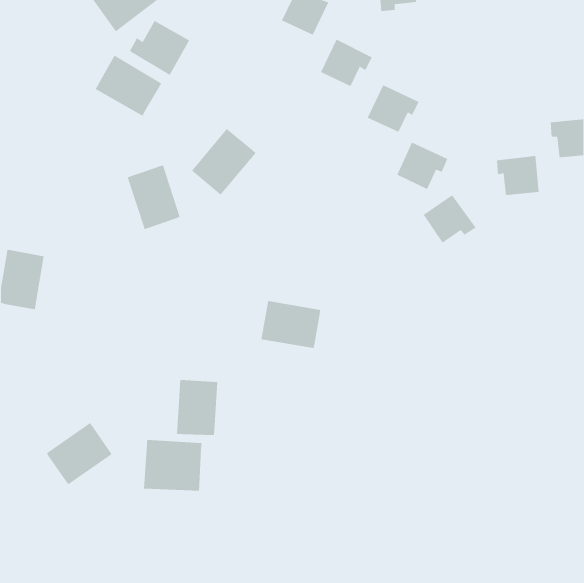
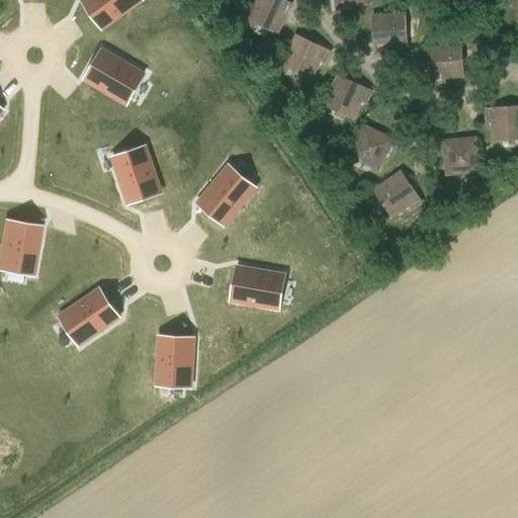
building: none -> [372,14,407,52]
building: [129,20,190,76] -> none
building: none -> [429,44,463,83]
building: [191,128,256,196] -> [197,165,255,225]
building: [46,422,112,485] -> [60,288,118,344]
building: [144,439,202,491] -> none

